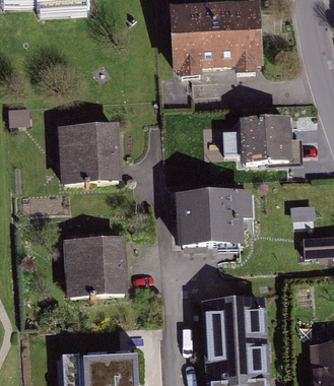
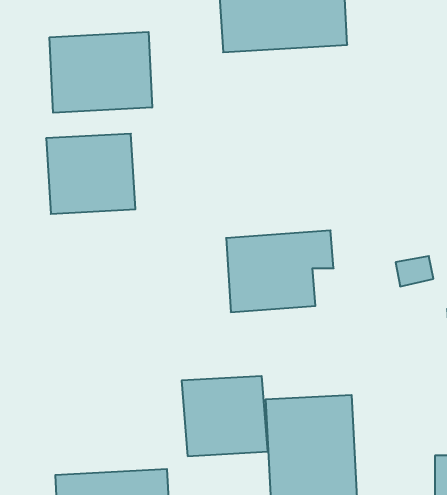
building: none -> [50,32,152,113]
building: [239,114,288,160] -> none
building: [65,237,123,291] -> [182,376,268,456]

